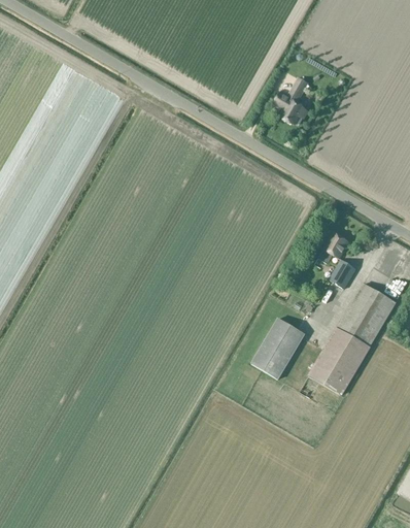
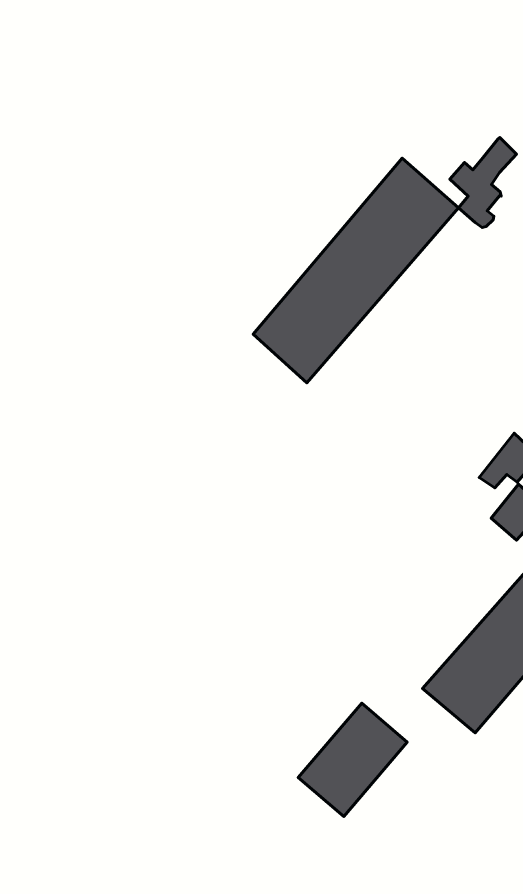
building: none -> [253,158,458,383]
building: [251,317,306,378] -> [298,703,407,816]

